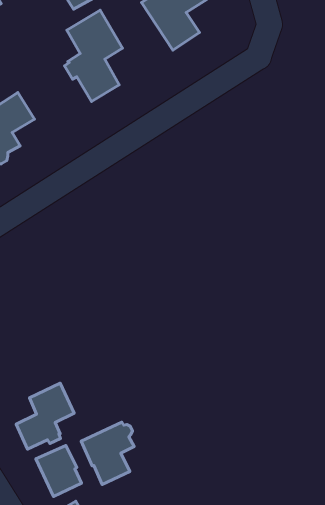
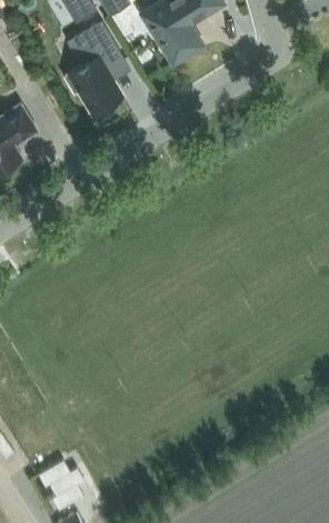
building: [16,383,74,449] -> none
building: [81,422,134,484] -> none

